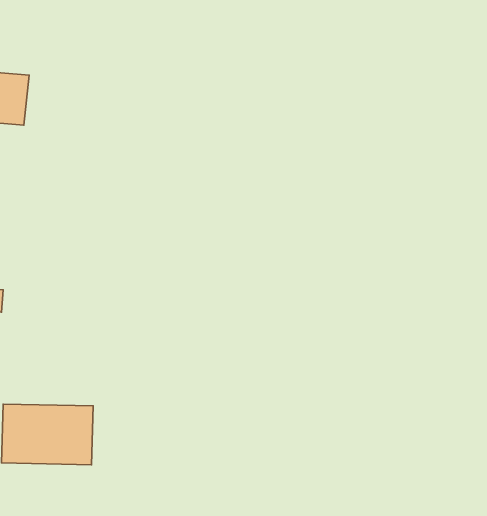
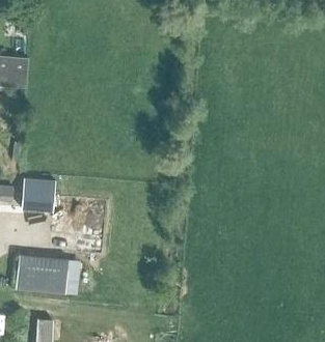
building: none -> [20,178,54,211]

